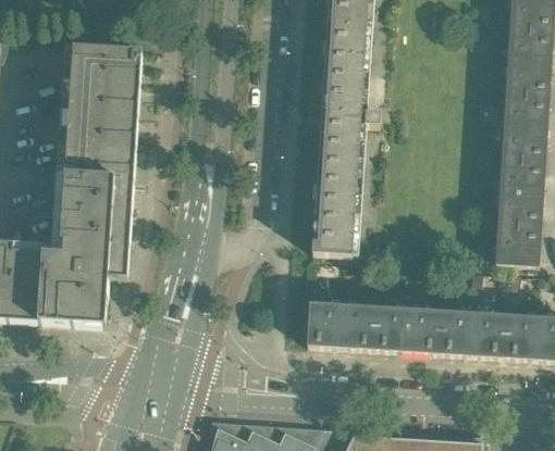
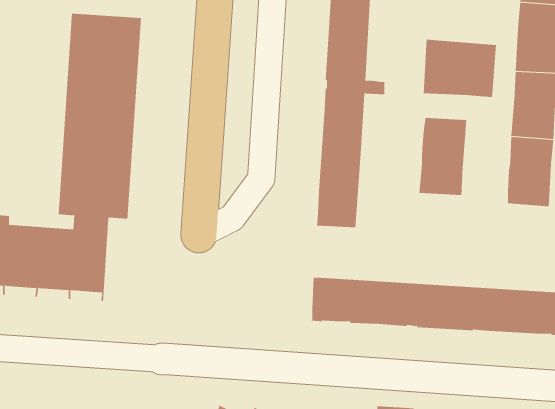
building: none -> [423,39,497,98]
building: none -> [419,117,467,196]
building: [496,231,541,266] -> none

